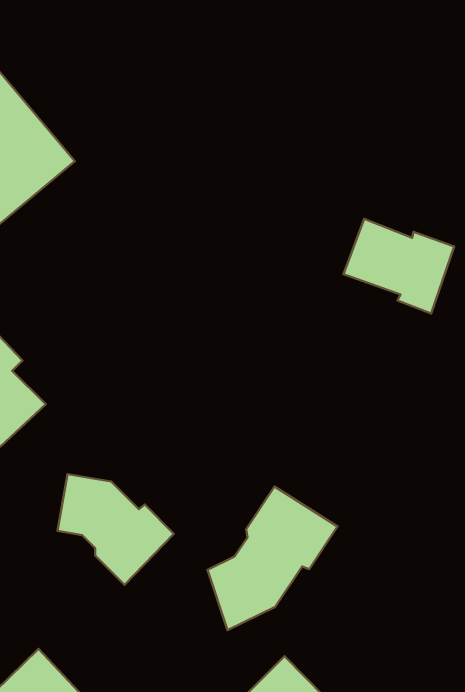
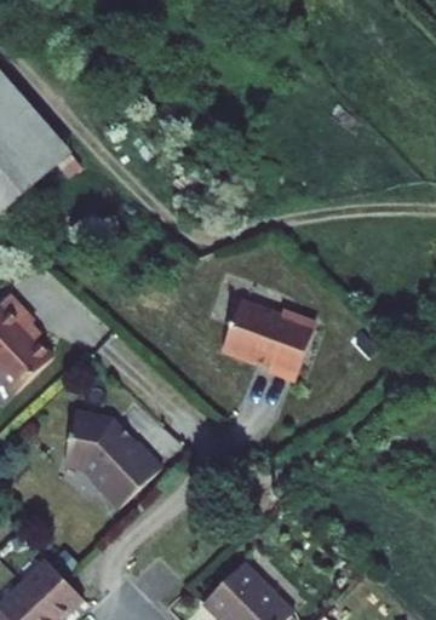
building: [344,219,454,313] -> [219,300,311,379]
building: [208,487,338,630] -> none

